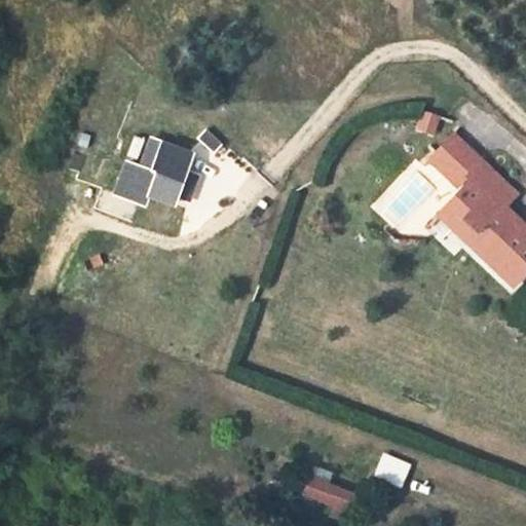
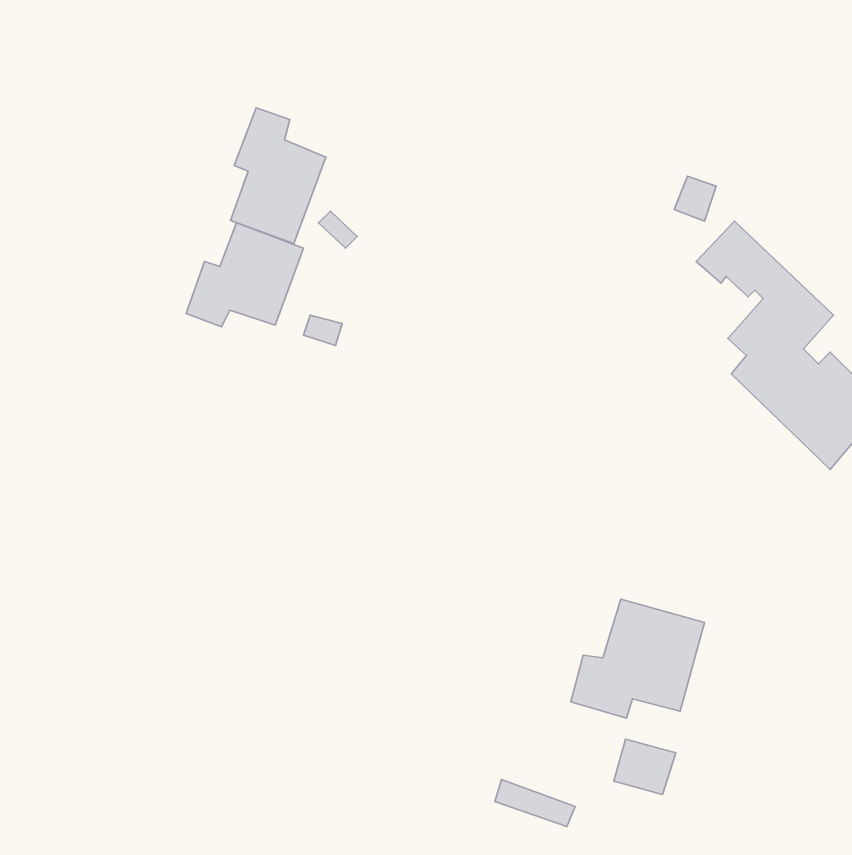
building: none -> [230,108,326,244]
building: none -> [571,599,704,718]

